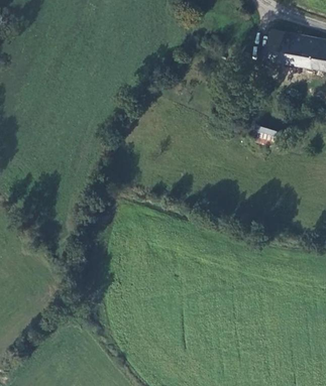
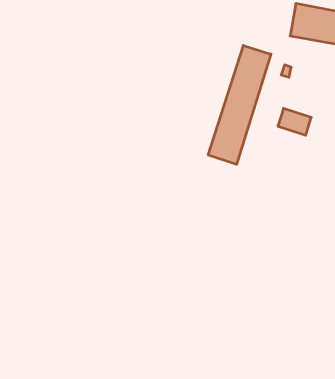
building: none -> [208,45,271,164]

